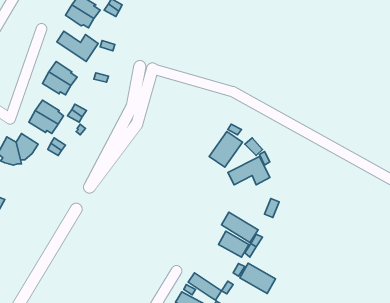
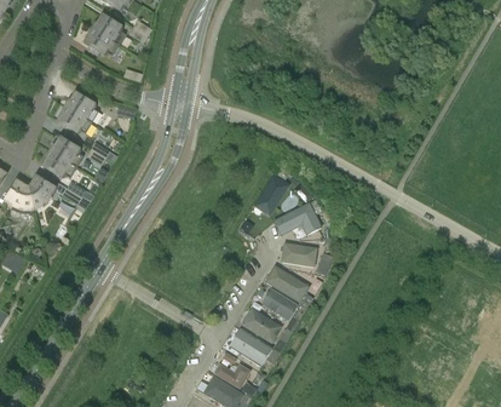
building: [57,31,98,61] -> none
building: none -> [282,243,317,266]
building: [240,263,275,293] -> [242,308,283,343]

